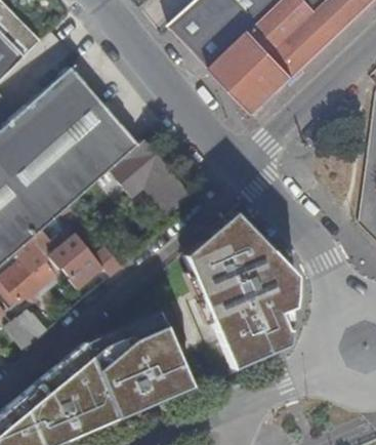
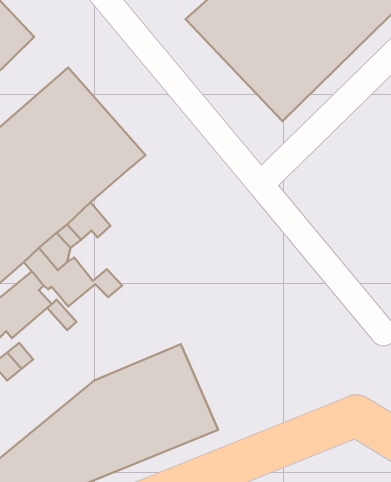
building: [117,140,175,202] -> none
building: [191,213,304,368] -> none

